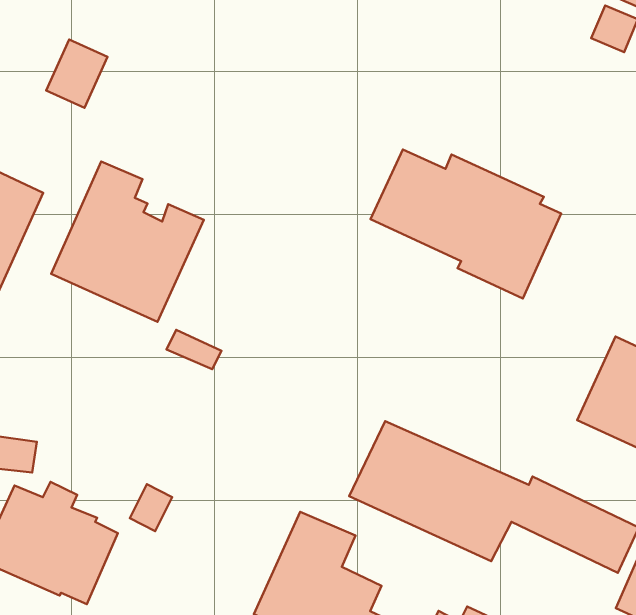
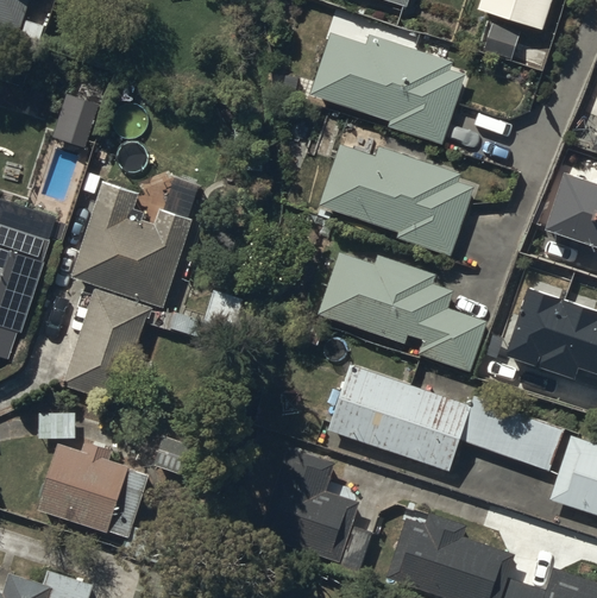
building: none -> [310,36,464,144]
building: none -> [319,253,486,370]
building: none -> [63,290,152,402]

